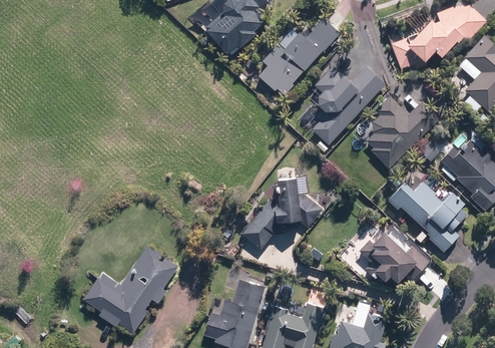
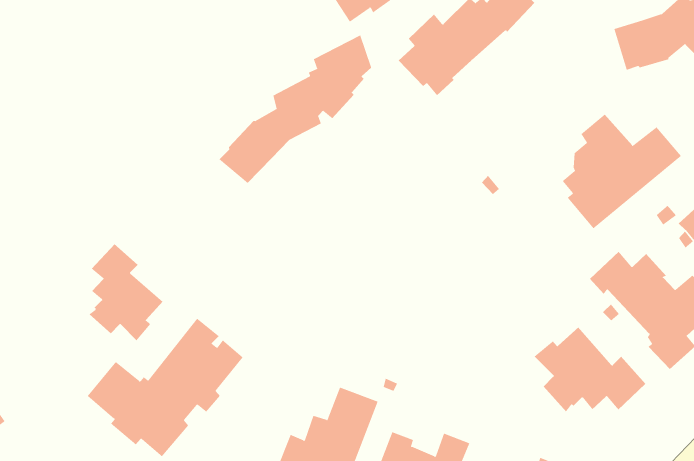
building: none -> [218,35,372,184]
building: [311,65,385,145] -> none
building: [241,177,322,249] -> none
building: none -> [88,244,163,341]

